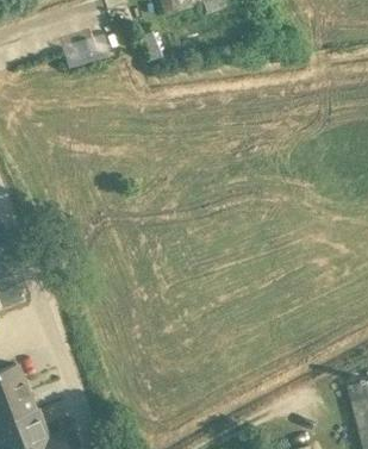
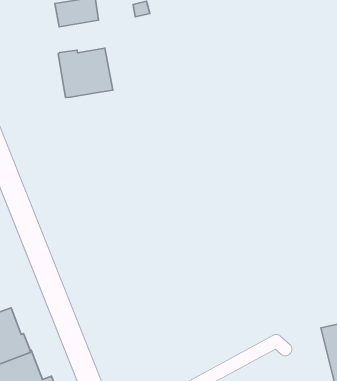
building: none -> [58,48,113,97]

